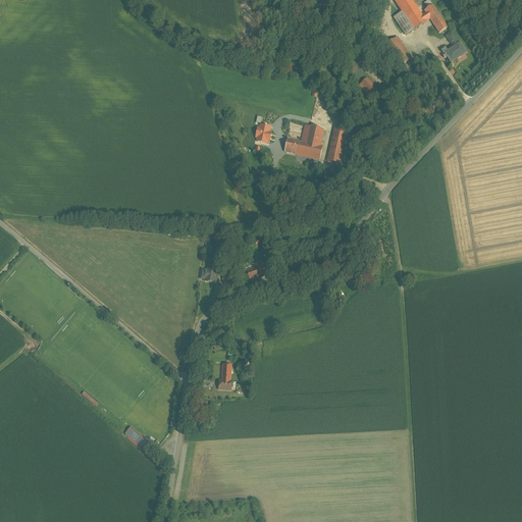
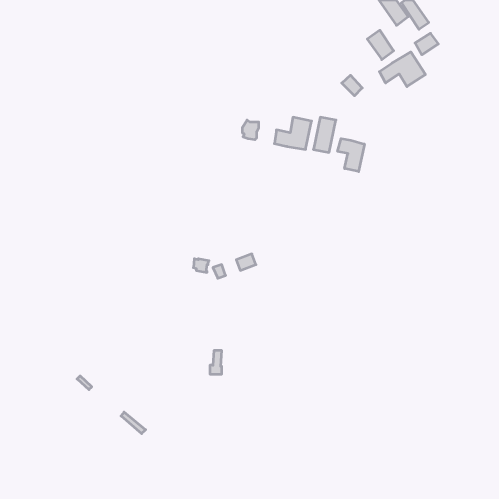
building: none -> [379,52,425,87]
building: none -> [338,139,364,172]

